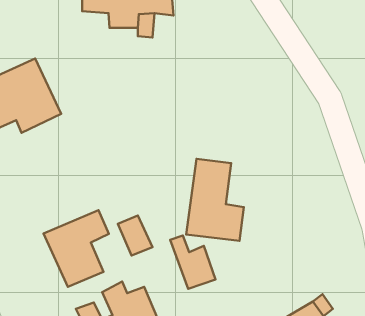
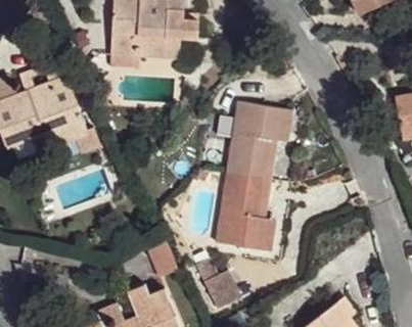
building: none -> [111,29,167,53]
building: none -> [224,101,289,177]
building: [44,210,109,287] -> none

